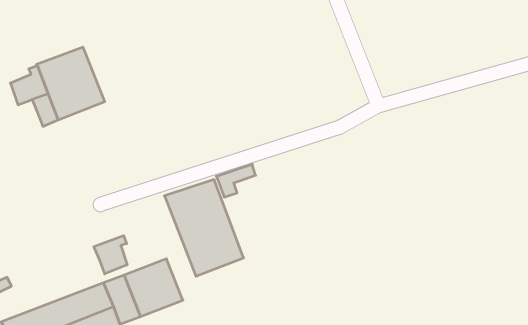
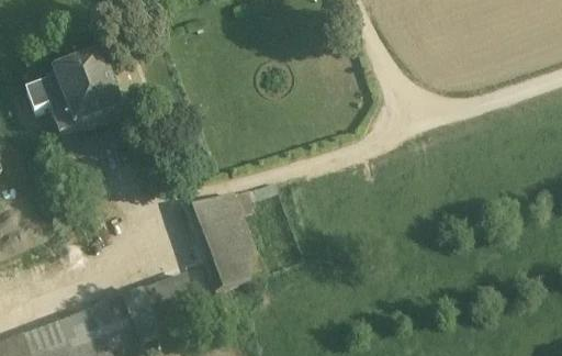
building: [94,236,127,274] -> none

